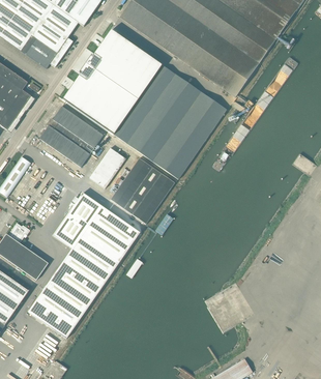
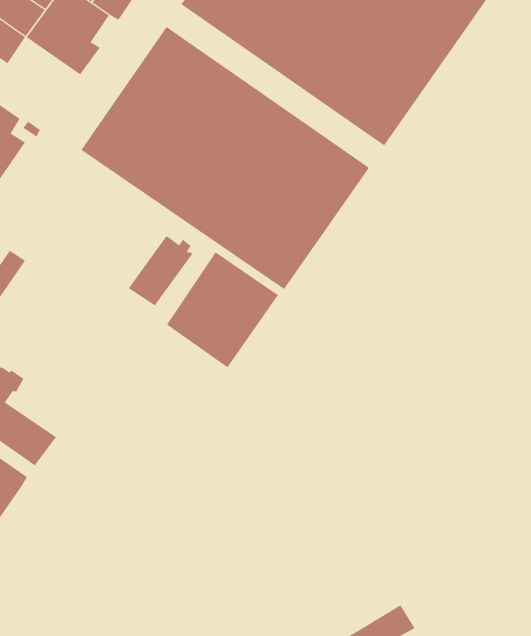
building: [21,34,62,67] -> none
building: [39,105,104,167] -> none
building: [28,192,140,338] -> none

